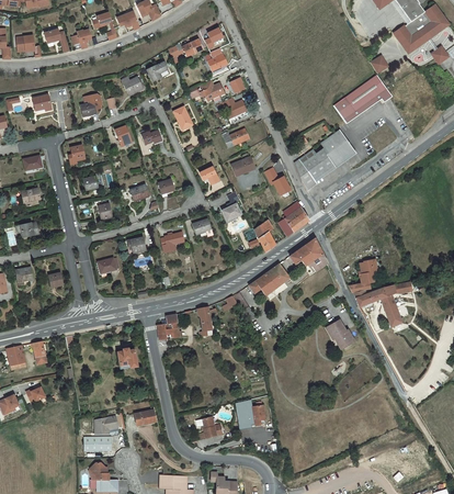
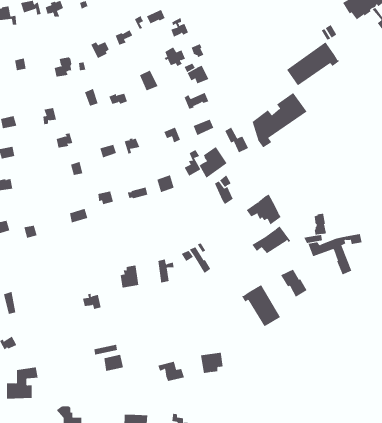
building: [280,201,310,236] -> [199,146,227,179]
building: [248,262,291,293] -> [251,226,291,254]
building: none -> [241,284,281,327]
building: [81,420,116,456] -> [6,367,38,399]

